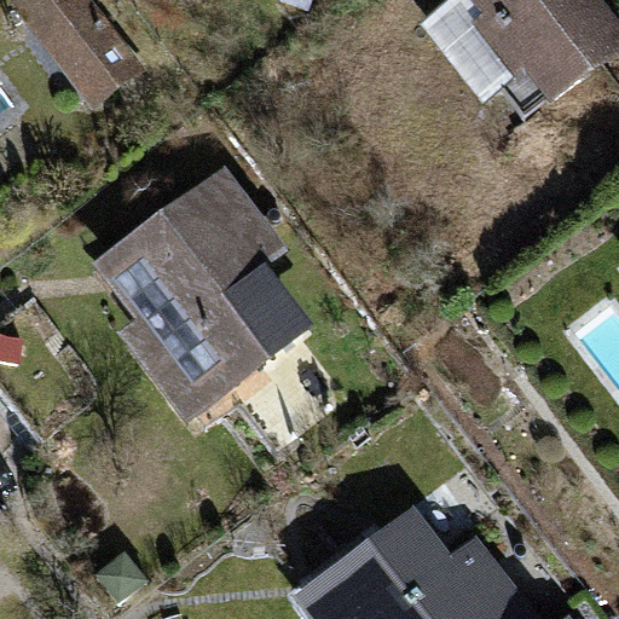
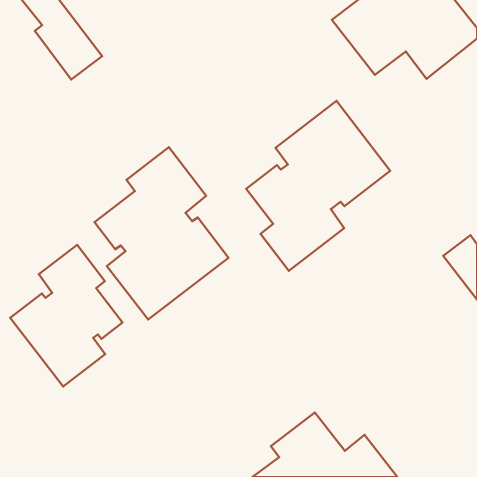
building: none -> [246,101,390,271]
building: none -> [10,245,123,387]

